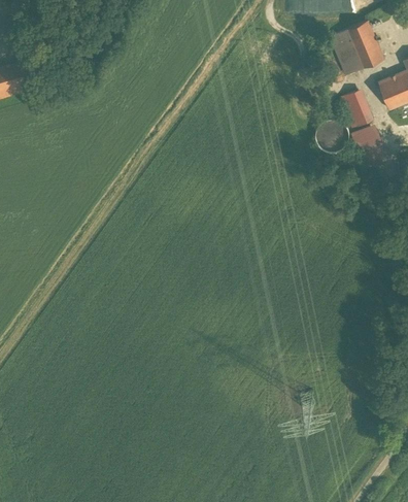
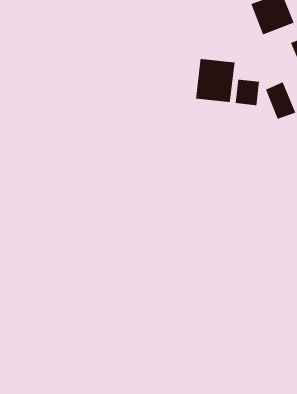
building: [341,87,375,125] -> none
building: none -> [196,58,235,103]

